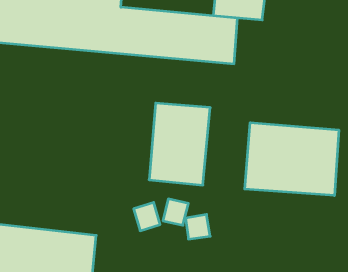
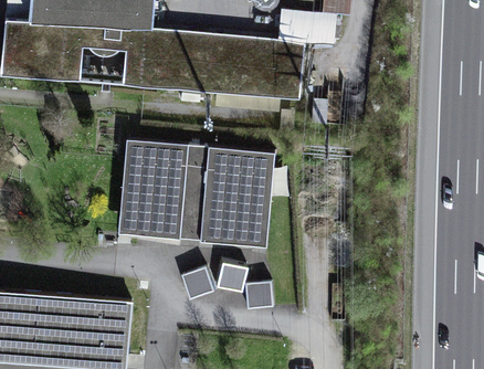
building: none -> [112,137,189,245]
building: [245,123,339,196] -> none

